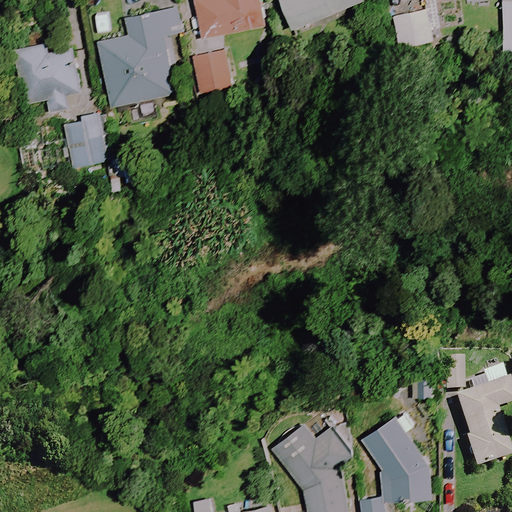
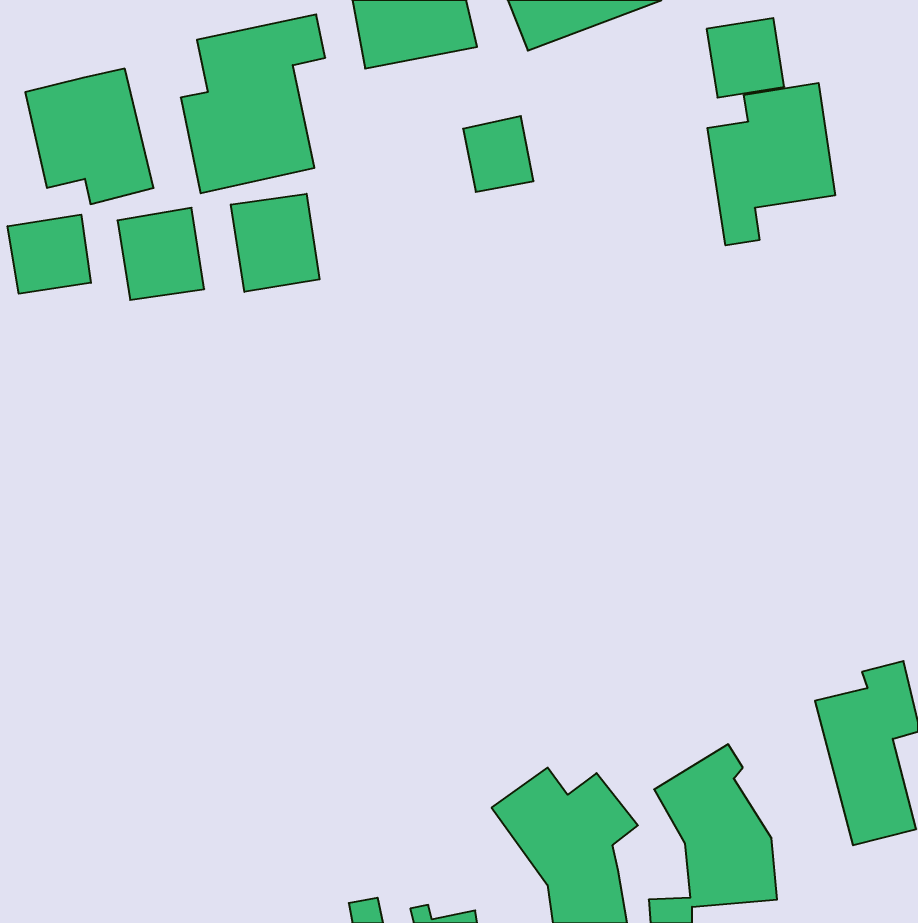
building: none -> [707,83,835,245]
building: [192,50,231,92] -> [463,116,534,192]
building: none -> [231,194,320,292]
building: none -> [8,215,91,294]

